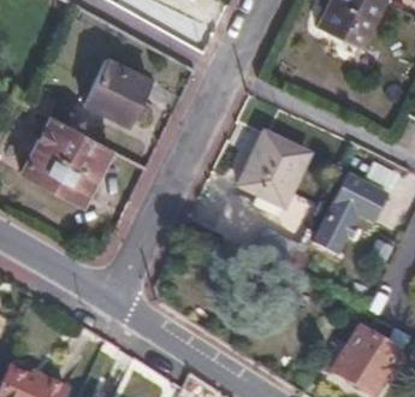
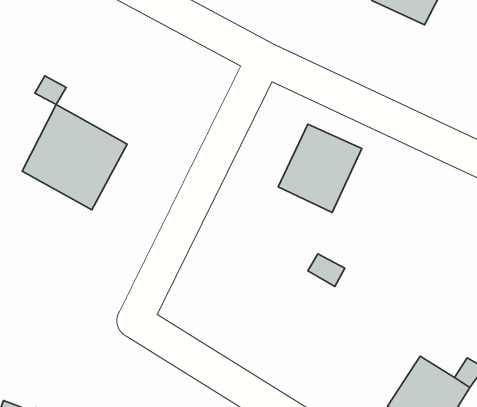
building: [85,58,149,124] -> none
building: [314,174,389,253] -> none

